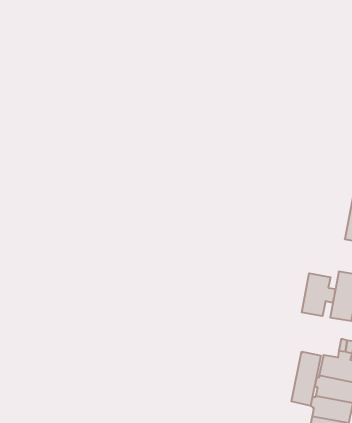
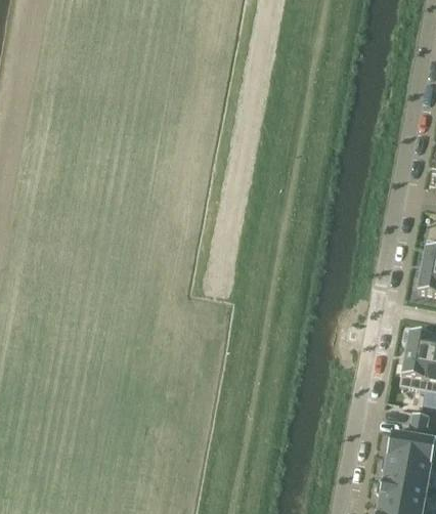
building: [302,273,335,316] -> none
building: [291,352,321,406] -> none

